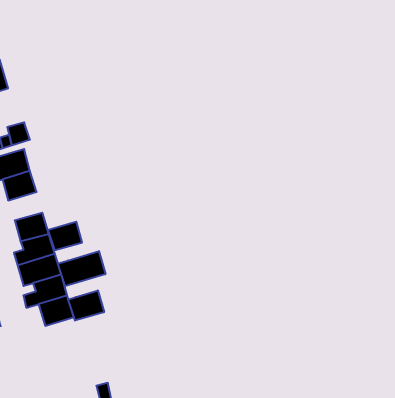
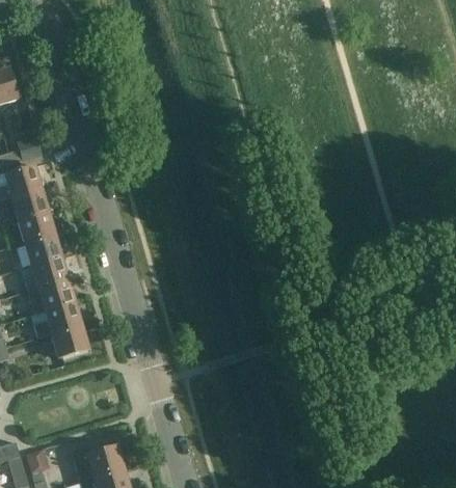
building: [48,222,82,250] -> [18,211,55,242]
building: [58,251,105,286] -> none
building: [68,290,104,321] -> none

